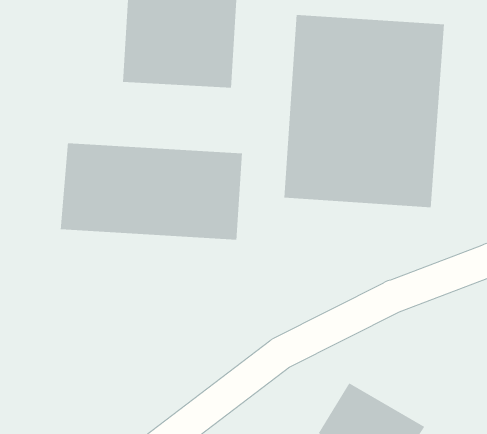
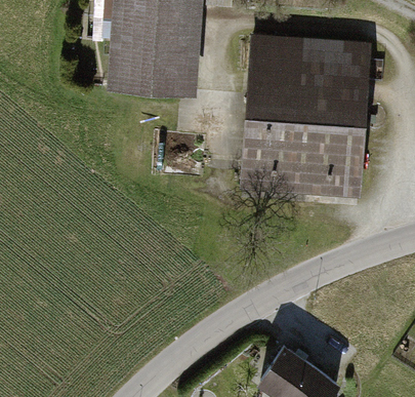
building: [60,142,242,240] -> none

